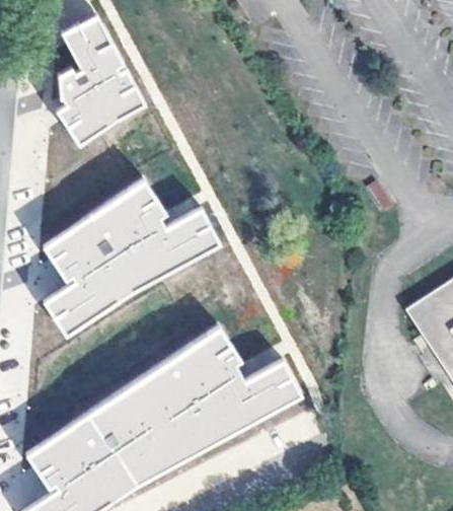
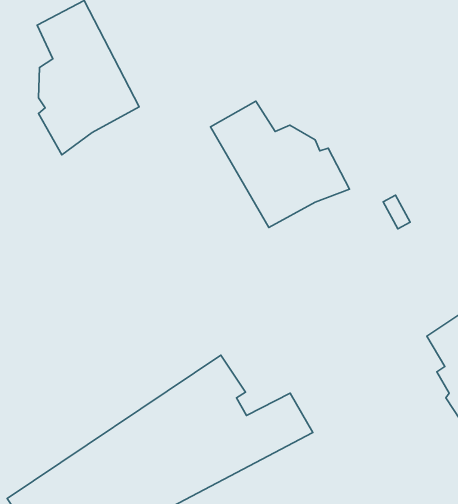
building: none -> [211,101,350,227]
building: [42,177,221,334] -> none

